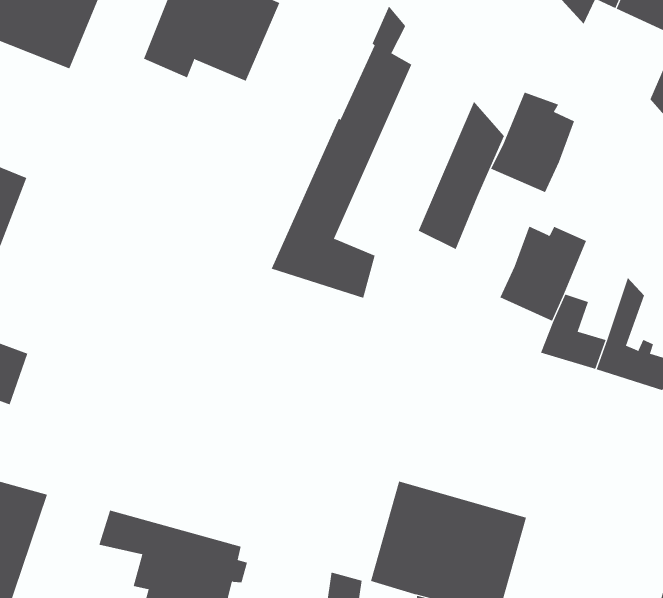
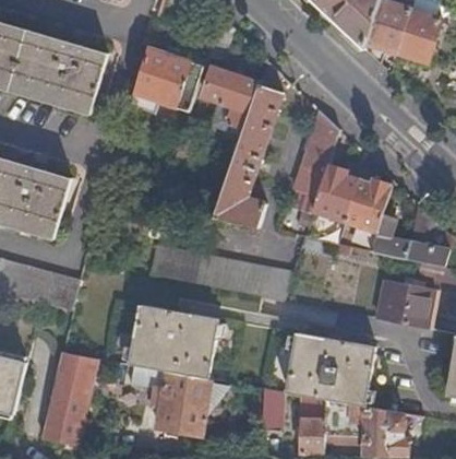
building: none -> [204,66,260,128]
building: [490,92,575,193] -> [312,165,358,222]
building: none -> [148,245,292,299]
building: none -> [382,280,439,329]
building: none -> [129,305,215,377]

